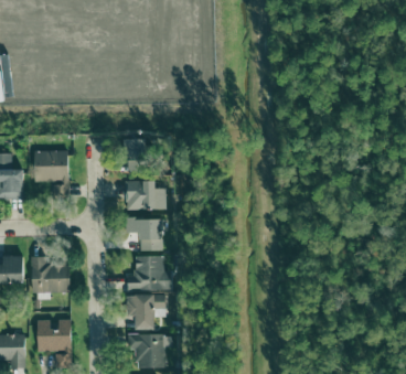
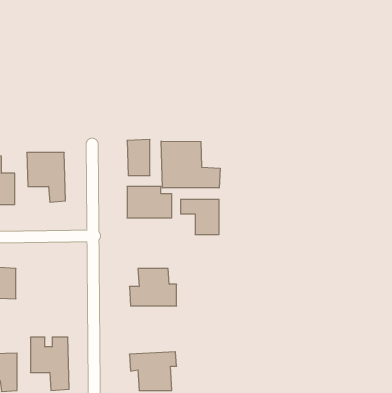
building: none -> [161,141,220,188]
building: [127,218,162,250] -> [181,199,219,234]
building: [31,256,71,292] -> none
building: [126,293,165,330] -> none

